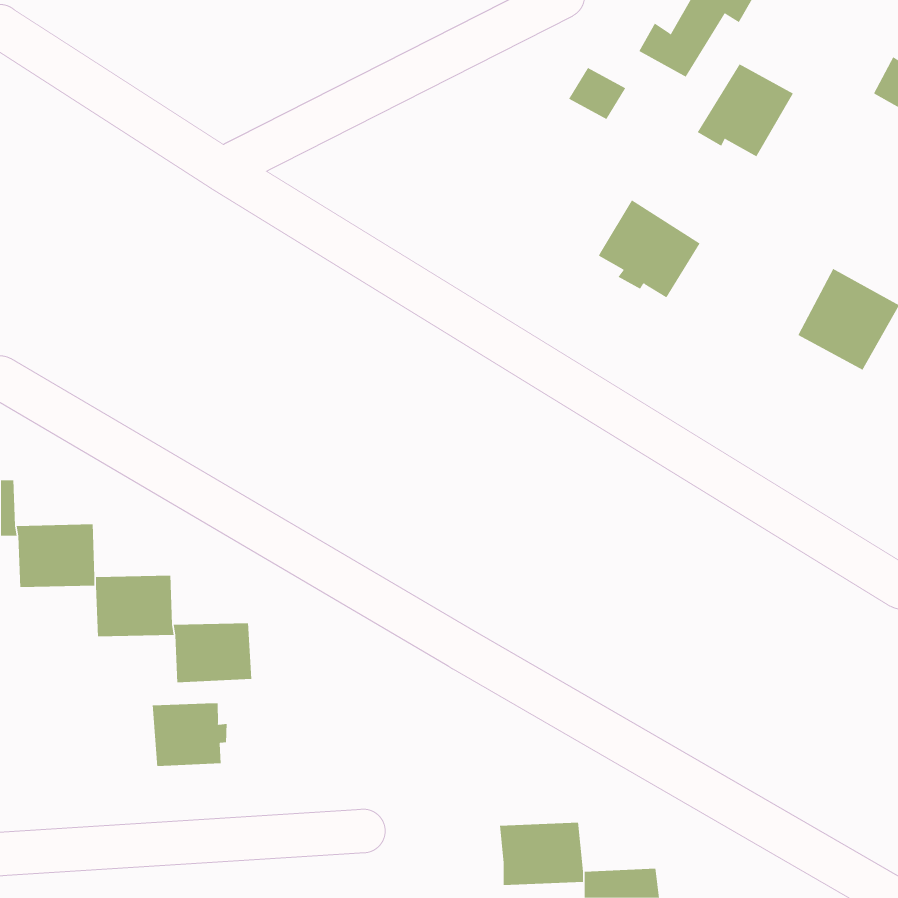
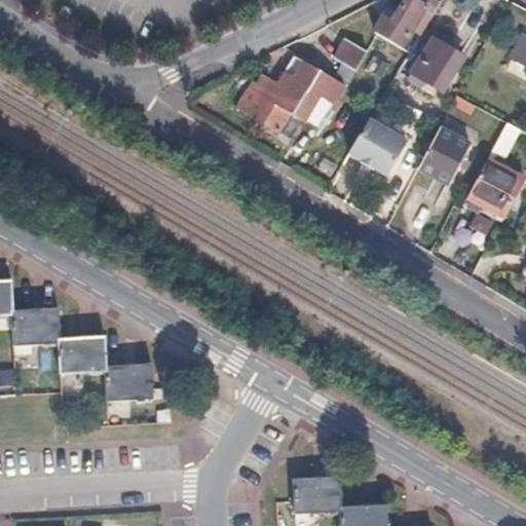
building: none -> [236,55,341,130]
building: none -> [420,125,474,182]
building: [152,702,227,767] -> none

